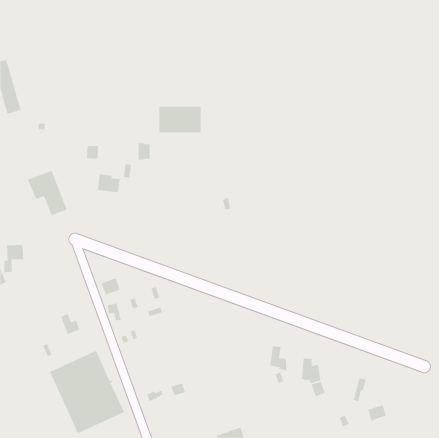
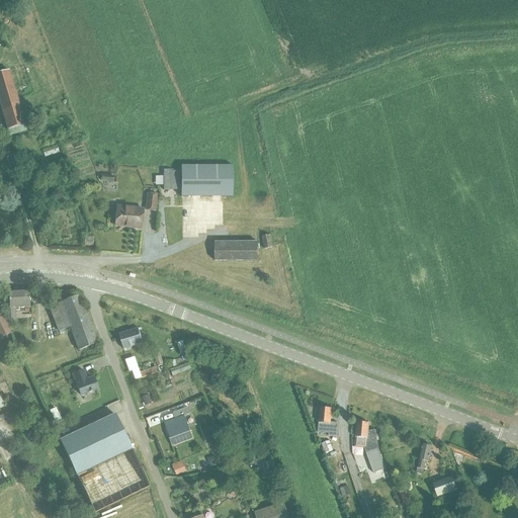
building: [158,106,201,133] -> [180,164,231,195]
building: [27,170,68,216] -> [49,294,96,348]
building: none -> [213,241,257,259]
building: none -> [164,406,192,445]

